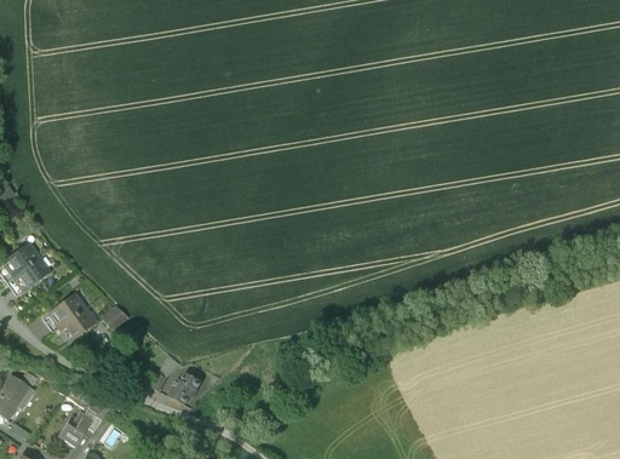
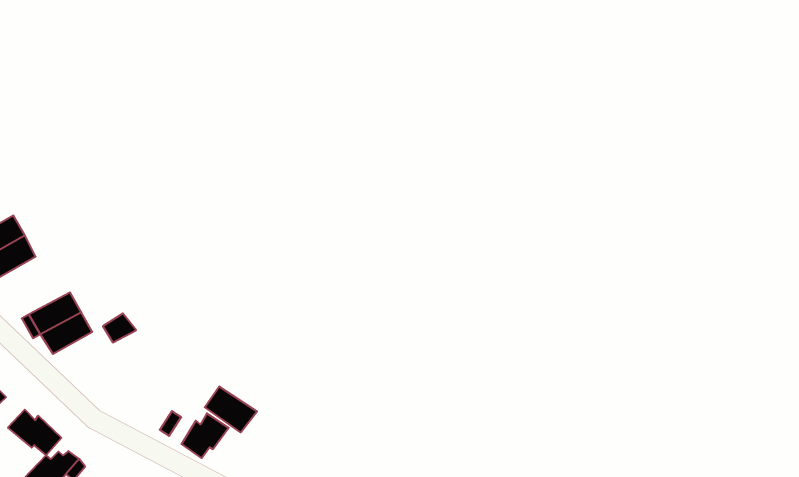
building: none -> [205,386,257,432]
building: none -> [8,410,61,455]

